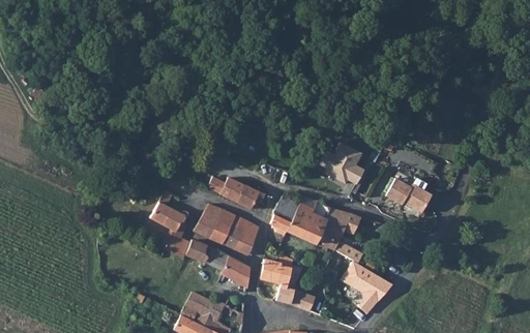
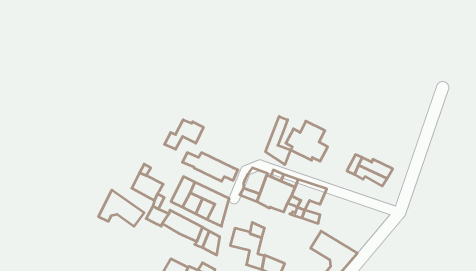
building: none -> [266,116,290,165]
building: none -> [164,120,203,149]
building: none -> [99,190,144,226]

